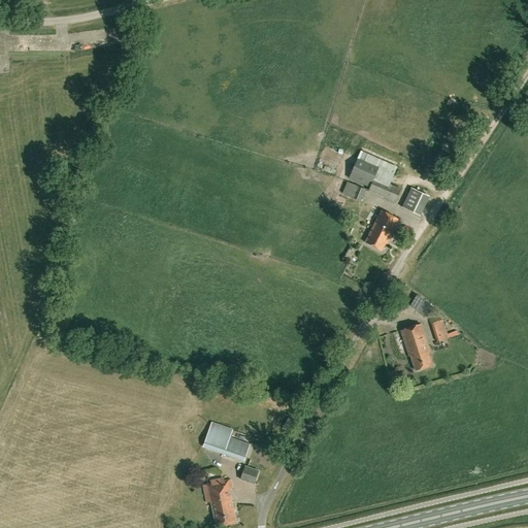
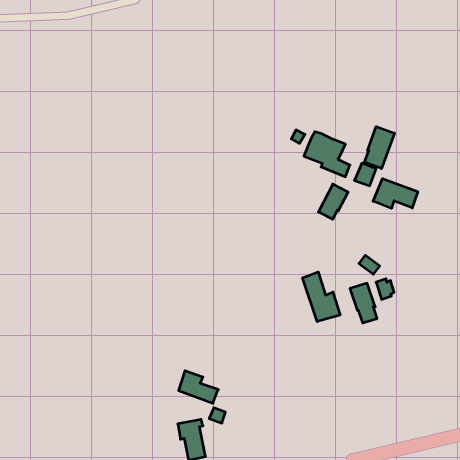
building: none -> [365,127,394,169]
building: none -> [373,179,418,208]
building: none -> [303,272,340,322]

